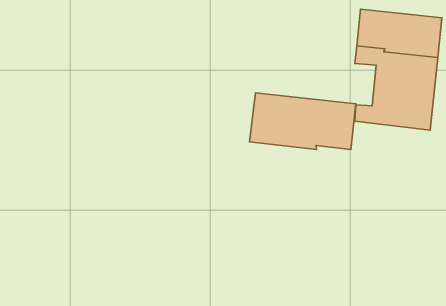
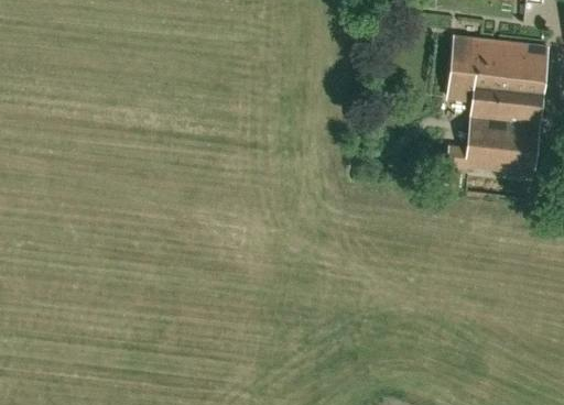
building: [250,93,356,150] -> none

